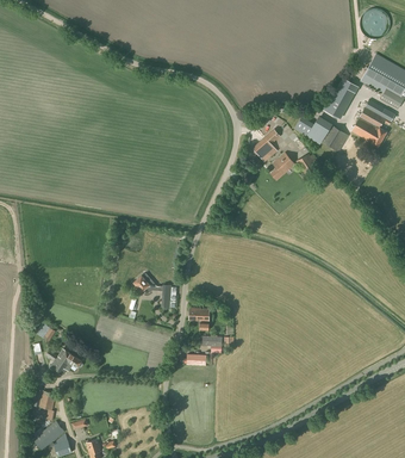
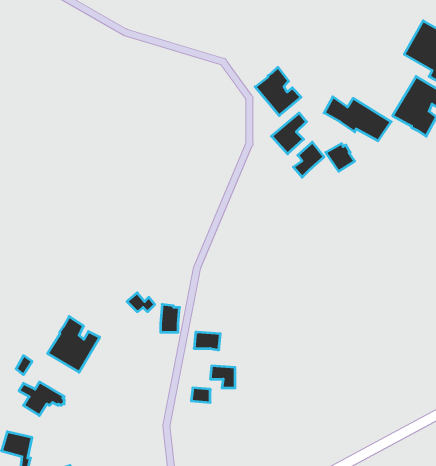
building: [320,78,359,119] -> none
building: none -> [255,67,301,116]
building: none -> [48,316,100,372]

